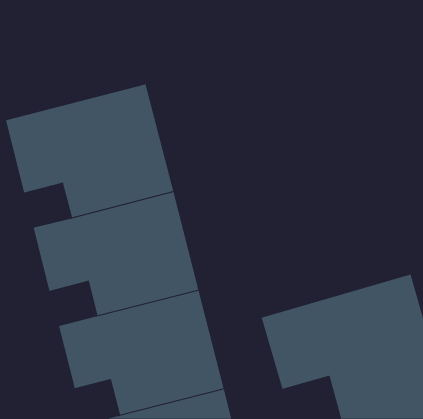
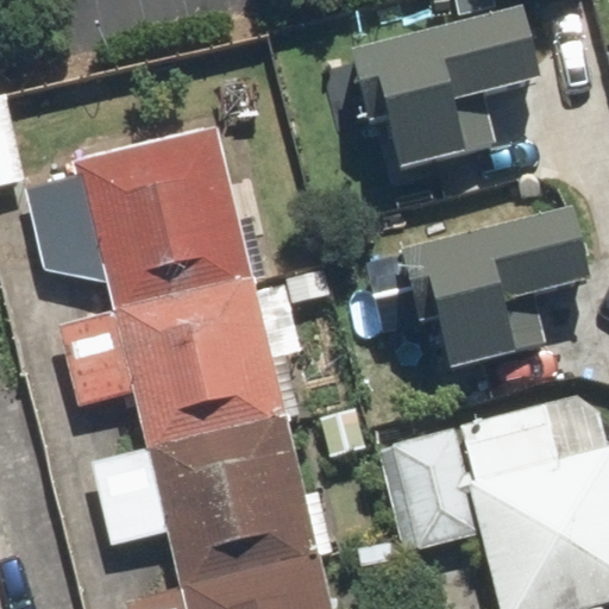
building: none -> [344,7,542,178]
building: none -> [378,206,603,387]

